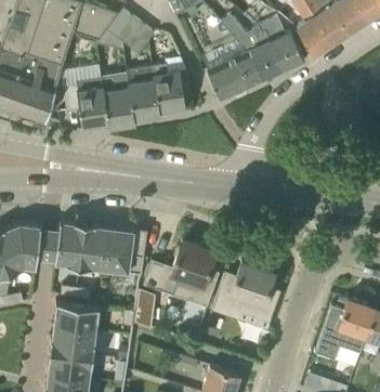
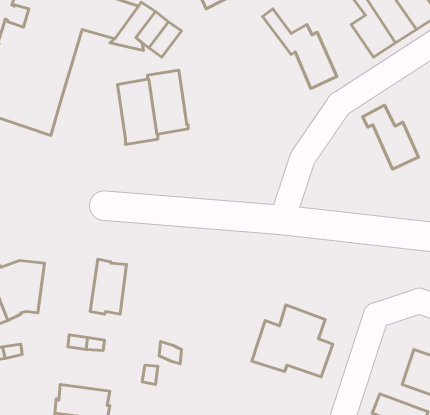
building: [259,19,305,73] -> [362,105,419,169]
building: [208,52,262,102] -> none
building: [153,58,193,113] -> none
building: [63,79,108,129] -> none
building: [55,223,86,267] -> none
building: [104,228,147,276] -> none
building: [144,241,220,309] -> none
building: [54,303,100,334] -> none

